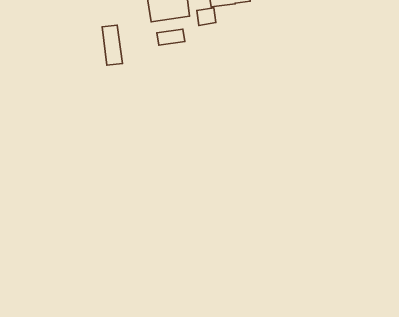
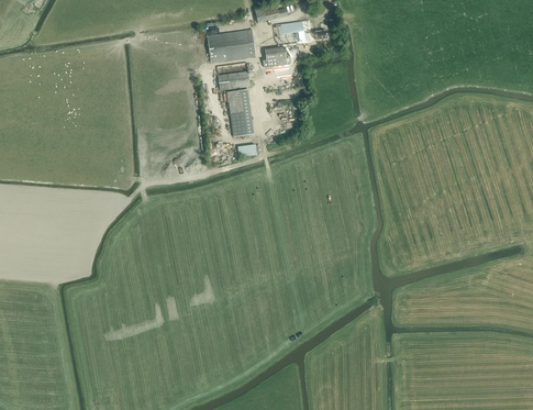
building: [102,25,123,65] -> [227,88,252,135]

